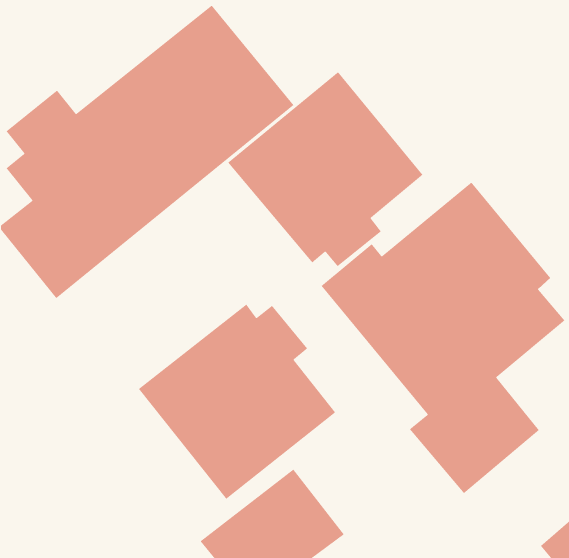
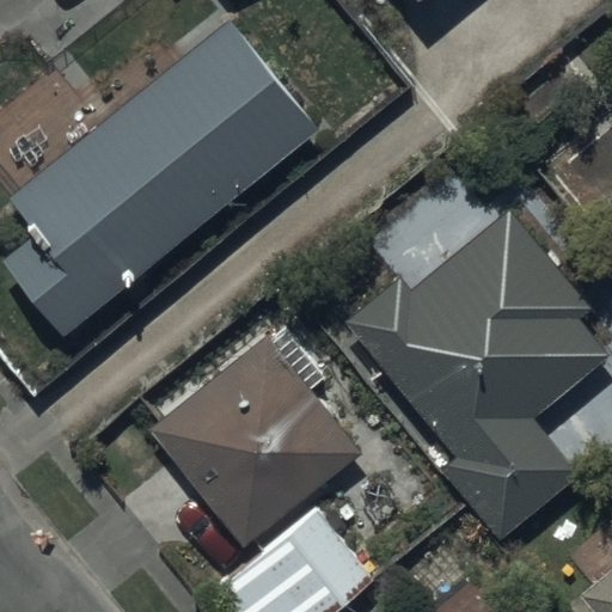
building: [227,71,424,267] -> none

